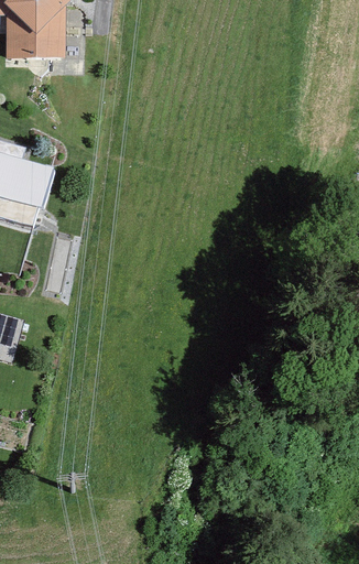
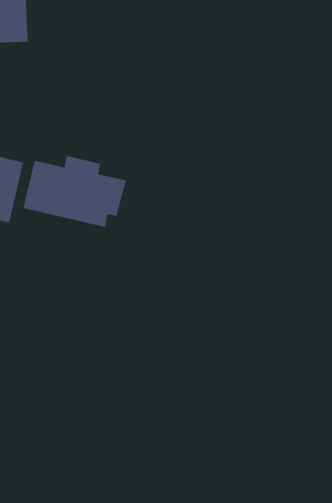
building: none -> [23,155,126,228]

